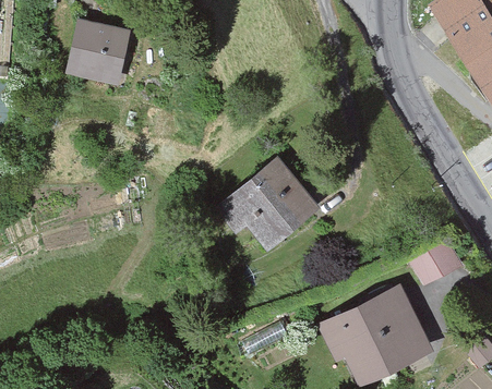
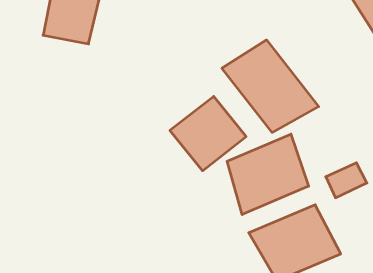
building: none -> [222,40,319,132]
building: none -> [227,134,309,215]

